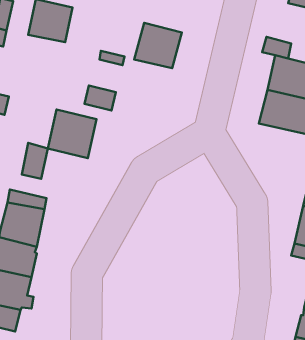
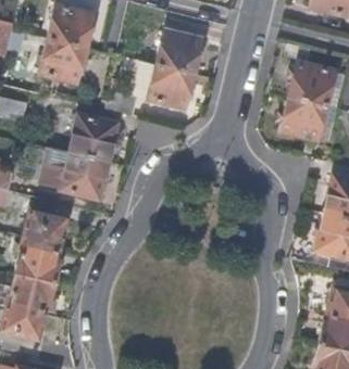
building: none -> [39,40,85,84]
building: none -> [146,65,192,110]
building: none -> [60,154,108,199]

